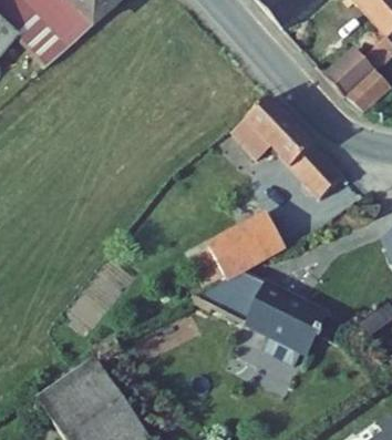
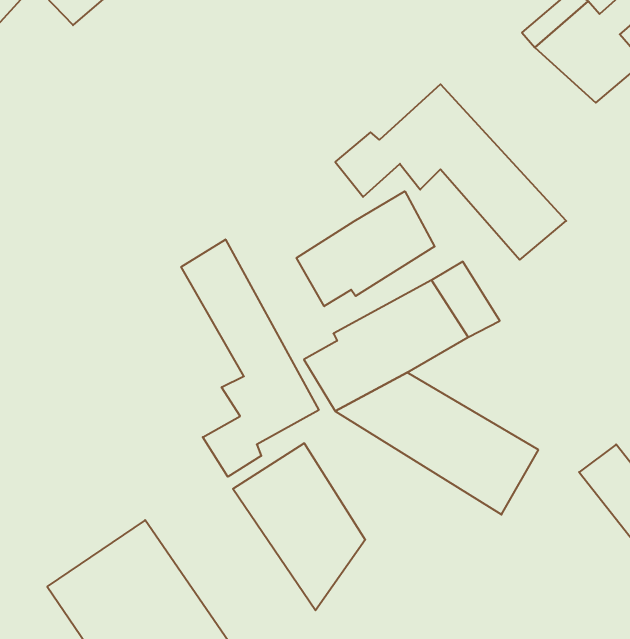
building: none -> [297,191,435,306]
building: none -> [181,239,319,477]
building: none -> [233,443,365,610]

